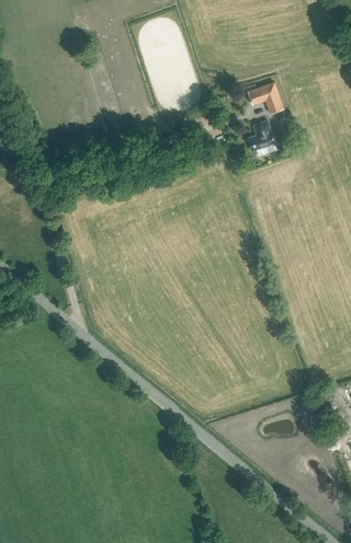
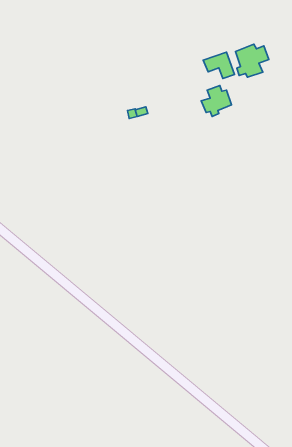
building: none -> [236,44,269,77]

